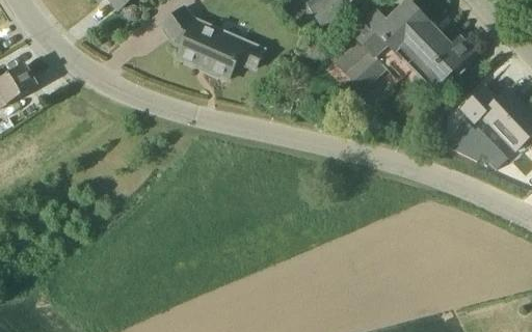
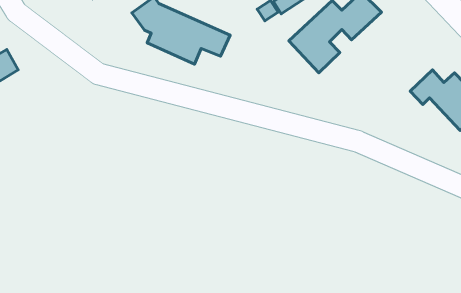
building: [397,23,473,89] -> none
building: [447,117,507,169] -> none

